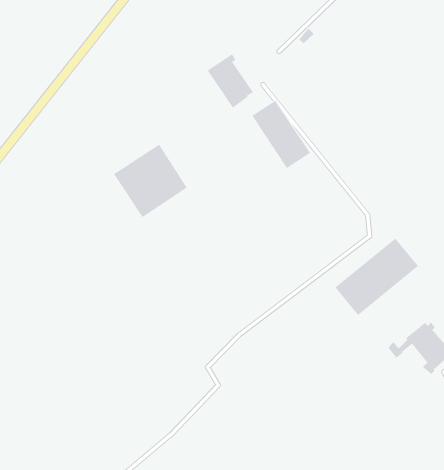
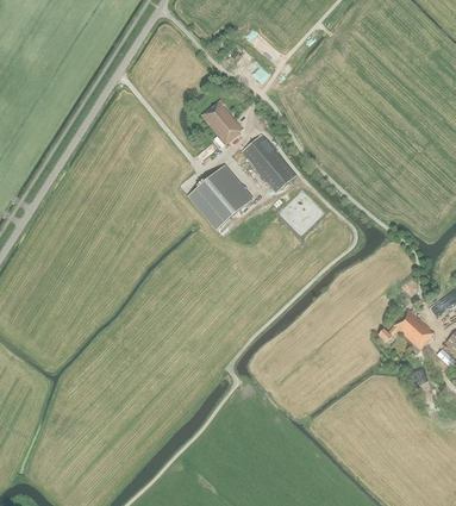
building: [113,144,187,218] -> [187,164,251,229]
building: [334,238,419,316] -> none

